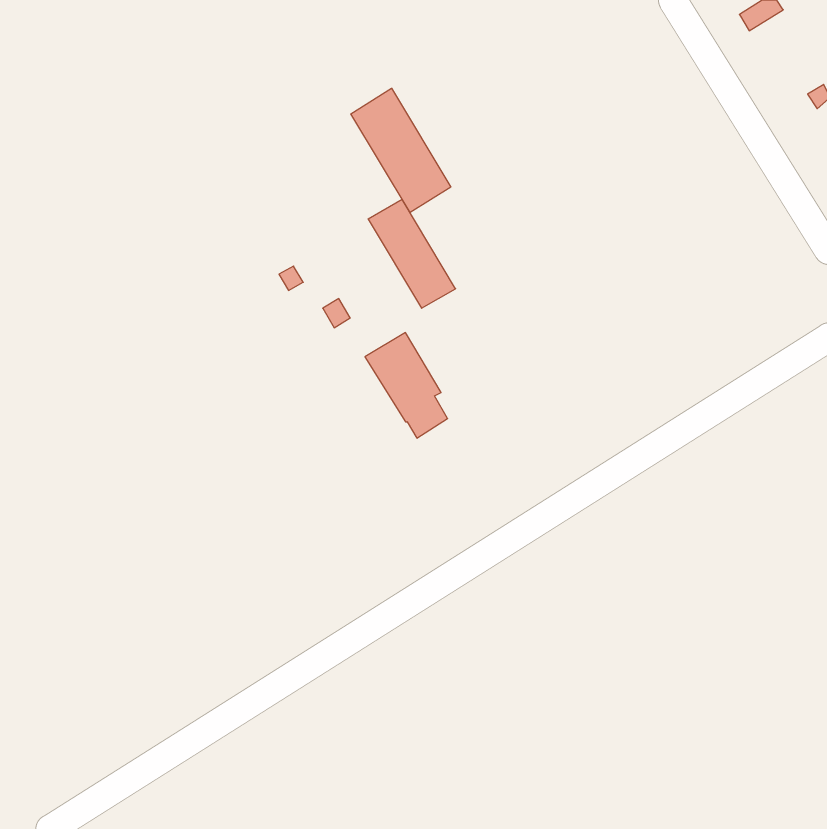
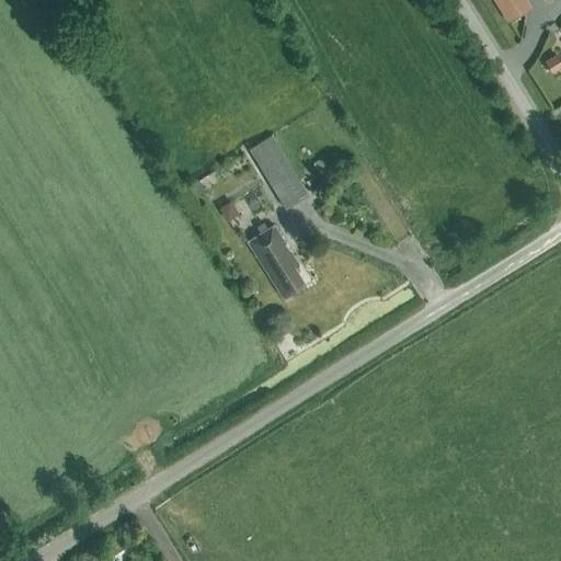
building: [351,88,451,213] -> none

